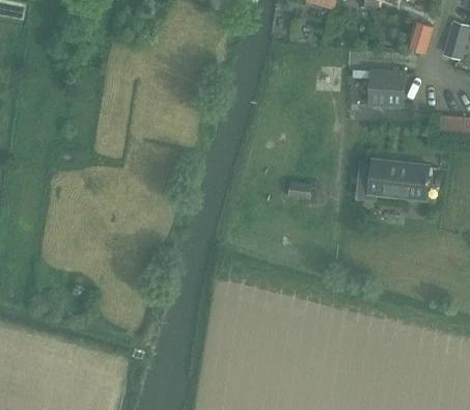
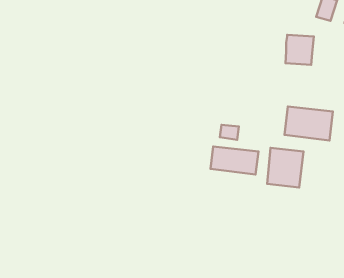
building: none -> [211,146,259,175]
building: none -> [267,148,304,187]

